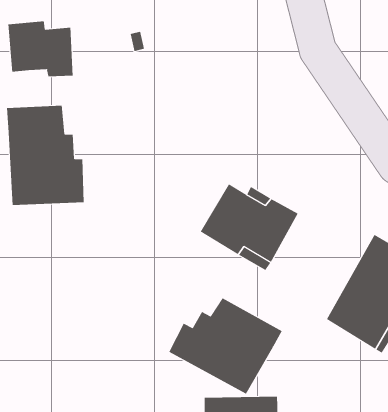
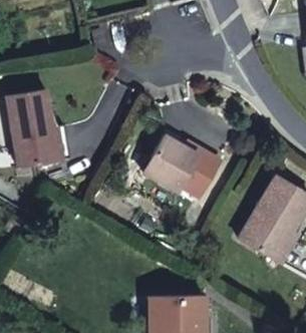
building: [8,21,73,77] -> none
building: [168,298,283,395] -> none

